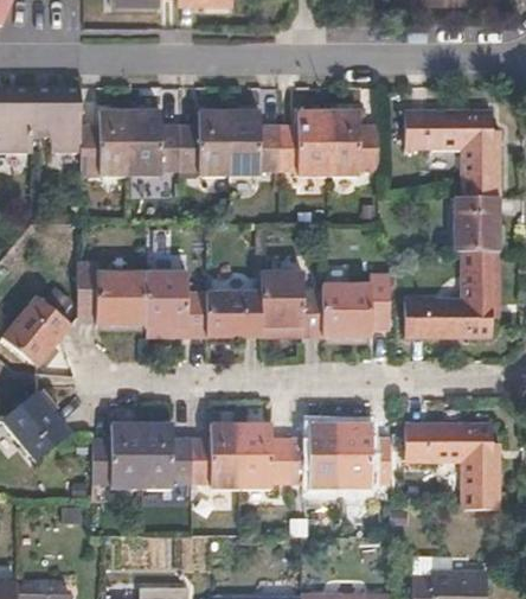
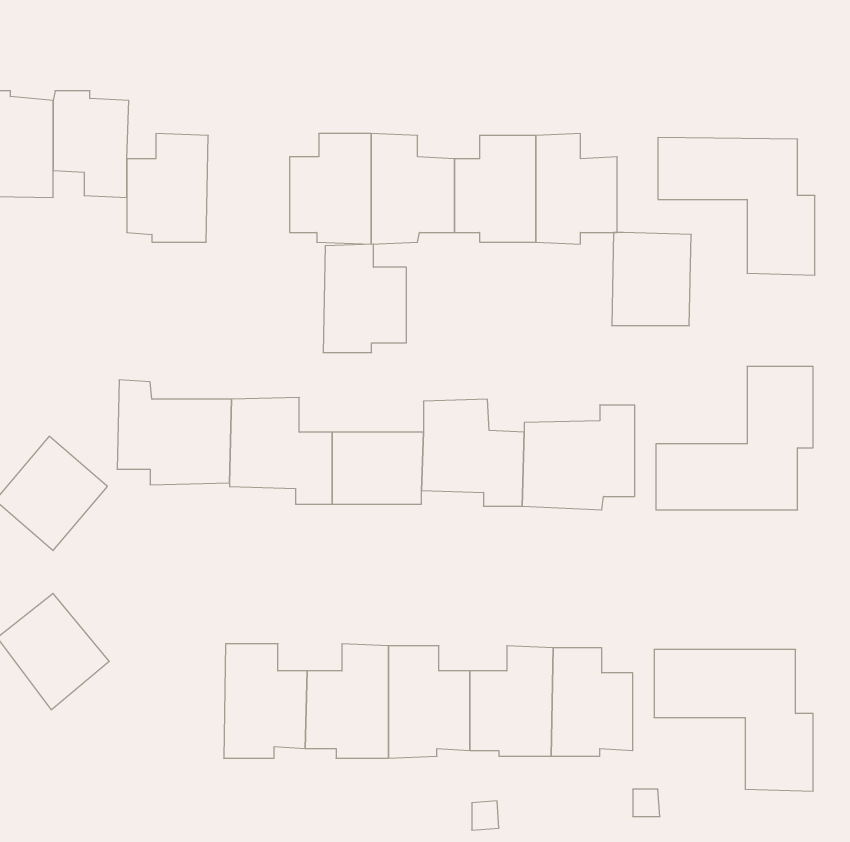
building: [129,109,180,176] -> [323,244,406,353]
building: [453,195,501,251] -> [612,232,691,326]
building: [90,420,141,491] -> none

